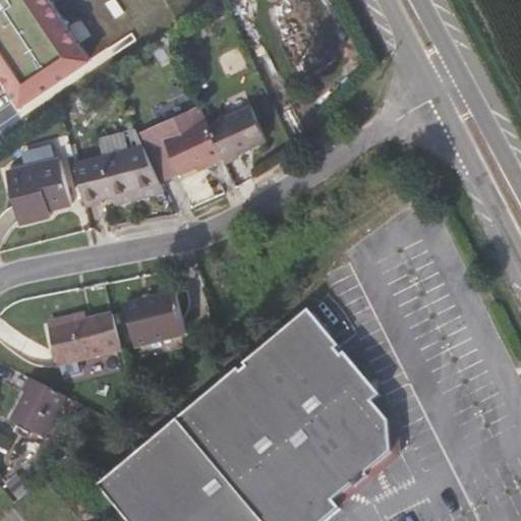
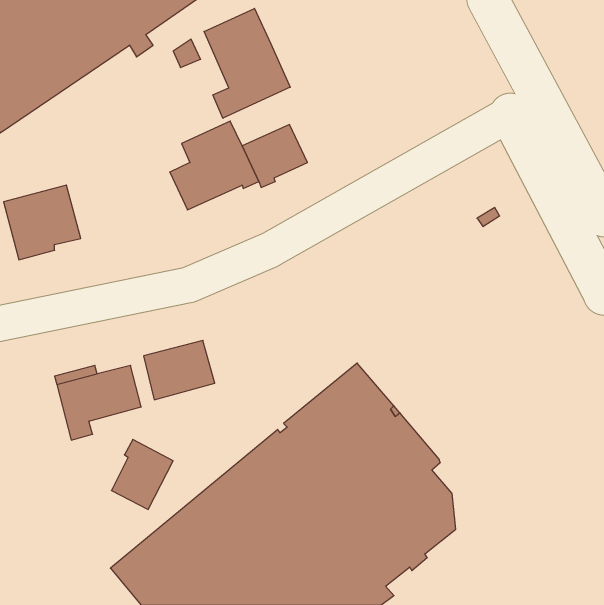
building: none -> [204,8,290,118]
building: [72,146,162,205] -> none
building: [11,379,64,439] -> [111,439,173,509]

